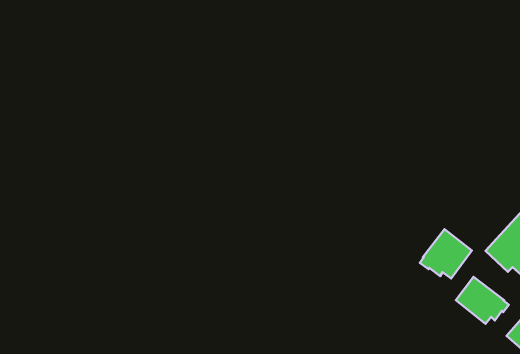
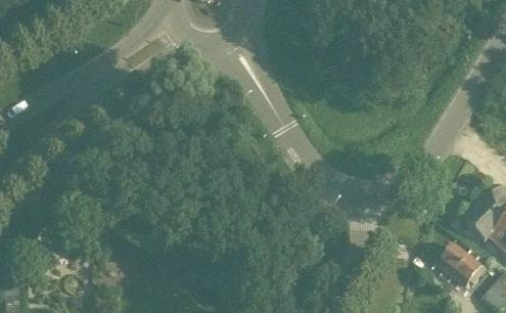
building: [420,229,472,278] -> none

